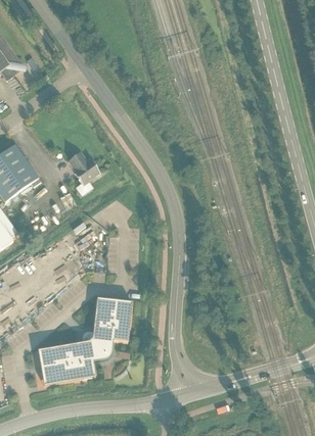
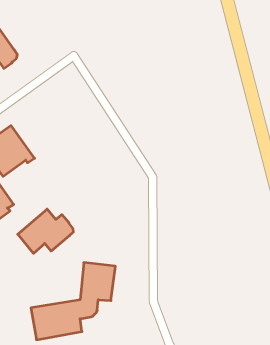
building: [69,151,100,184] -> none
building: none -> [18,209,73,253]

